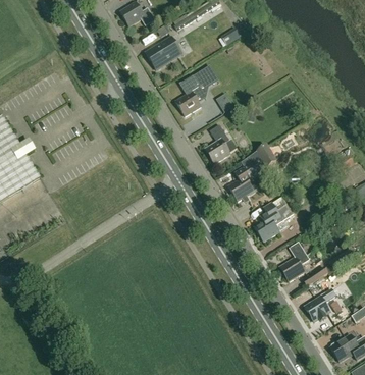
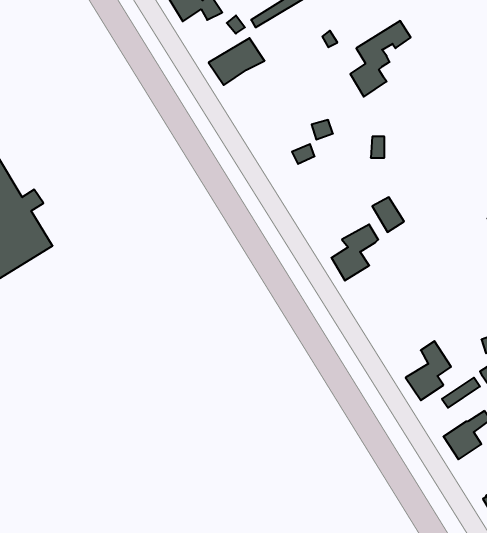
building: [175,65,216,116] -> [350,21,411,97]
building: [205,124,237,164] -> none
building: [254,202,294,242] -> none

